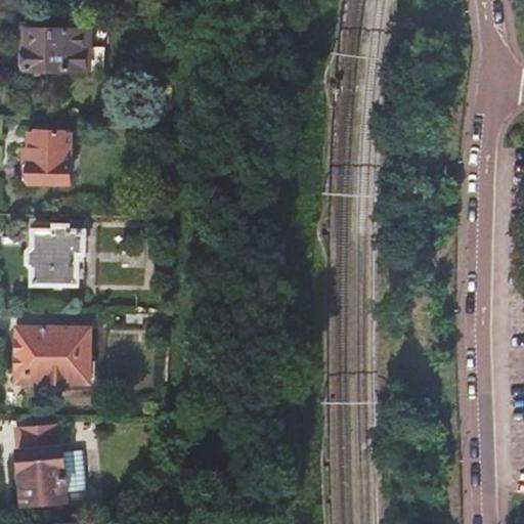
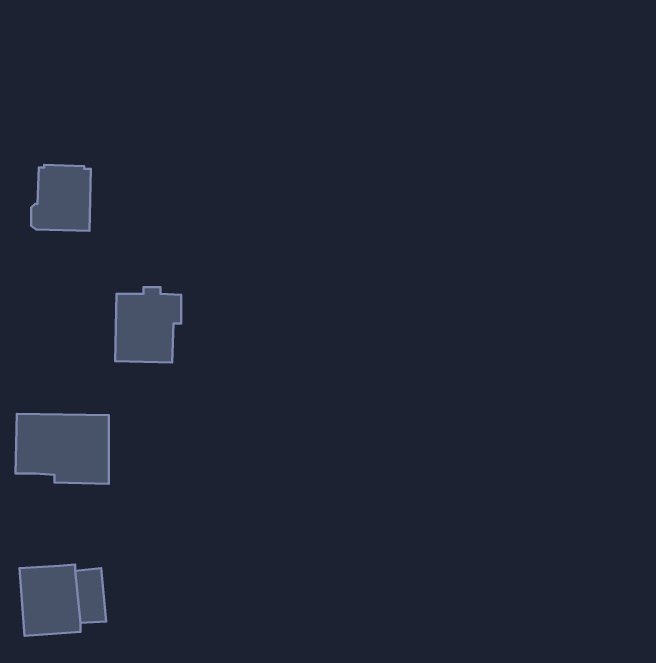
building: [26,32,88,73] -> none
building: [29,224,81,283] -> [115,287,181,362]
building: [13,425,59,448] -> none

